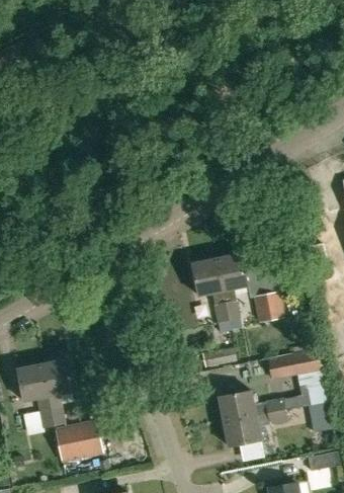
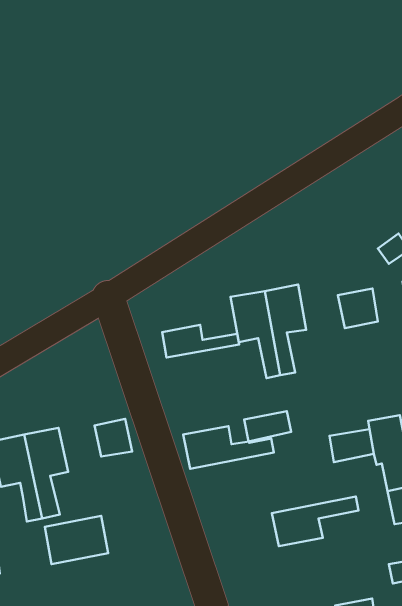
building: none -> [162,325,239,357]
building: [254,293,283,322] -> [338,288,378,328]
building: none -> [95,419,132,456]
building: [218,390,284,421] -> [183,426,274,469]

